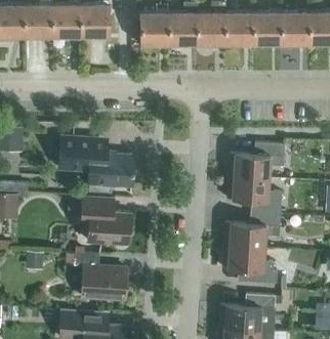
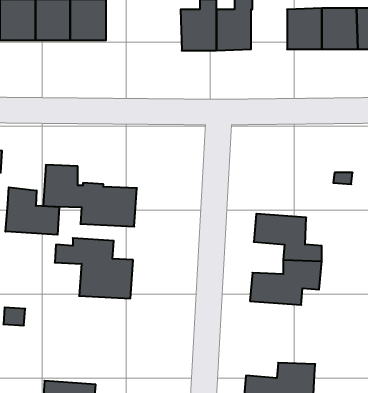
building: [139,12,169,45] -> none
building: [224,12,253,44] -> none
building: [229,142,285,178] -> none
building: none -> [5,187,59,235]
building: [222,245,277,283] -> none
building: [74,252,127,299] -> none

